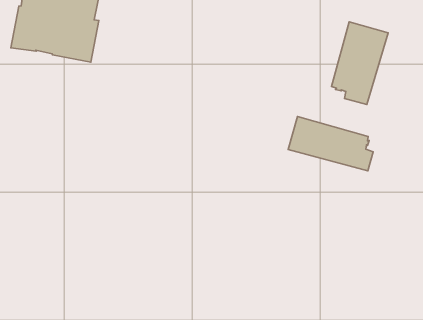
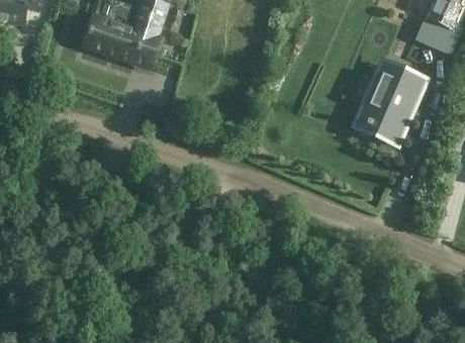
building: [288,116,373,171] -> none

